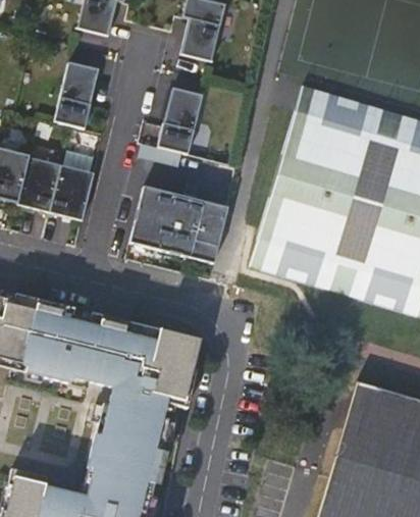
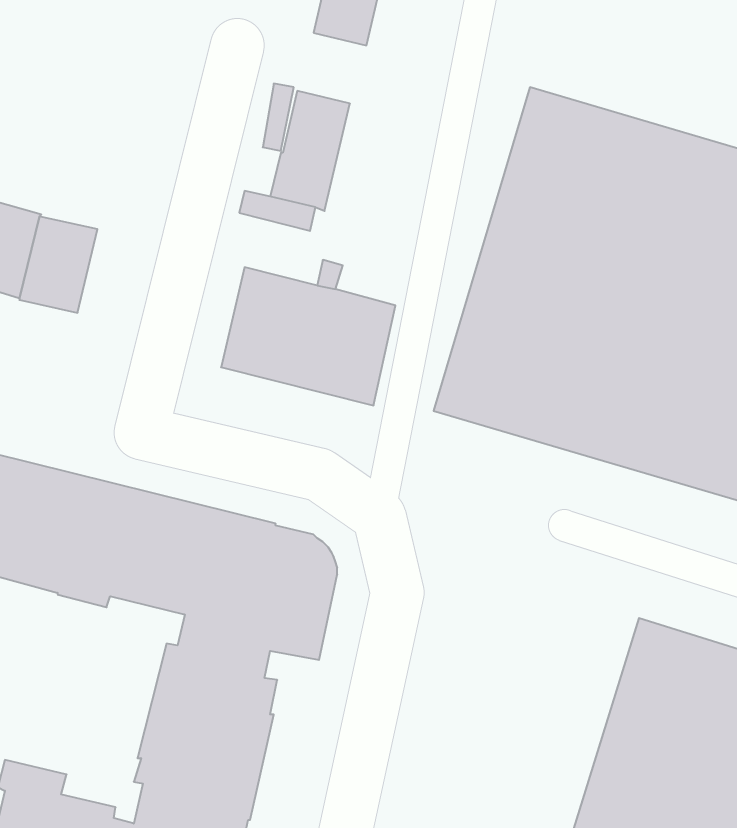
building: [54,63,98,130] -> none
building: [49,166,94,221] -> none

